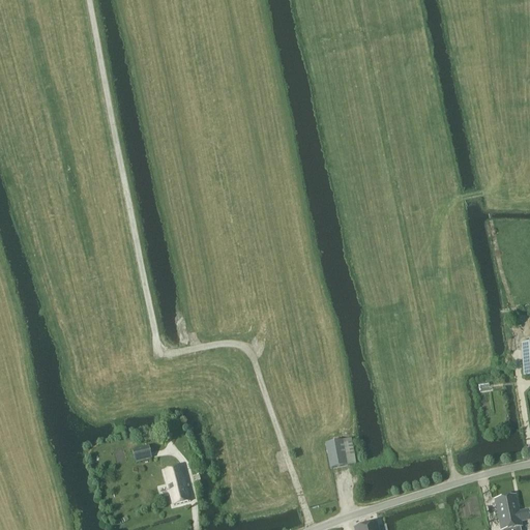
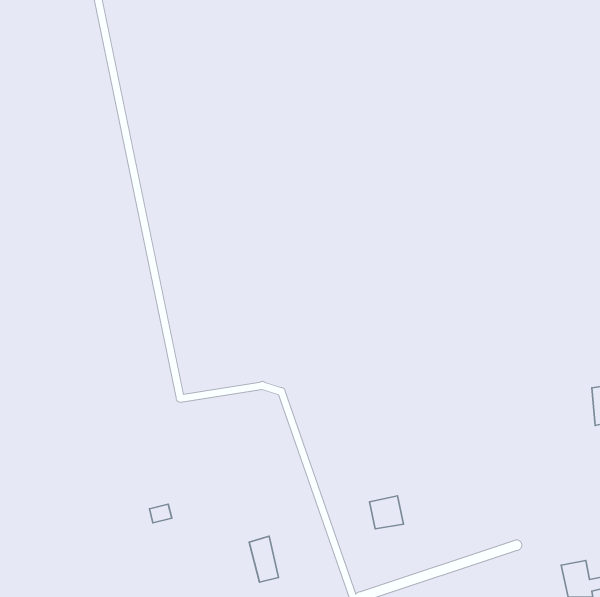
building: [165,464,190,504] -> [249,536,278,582]

